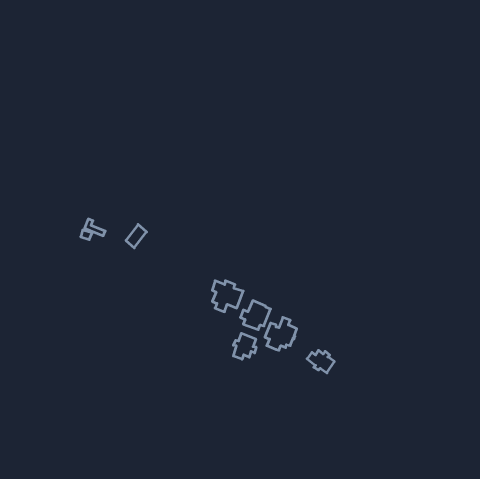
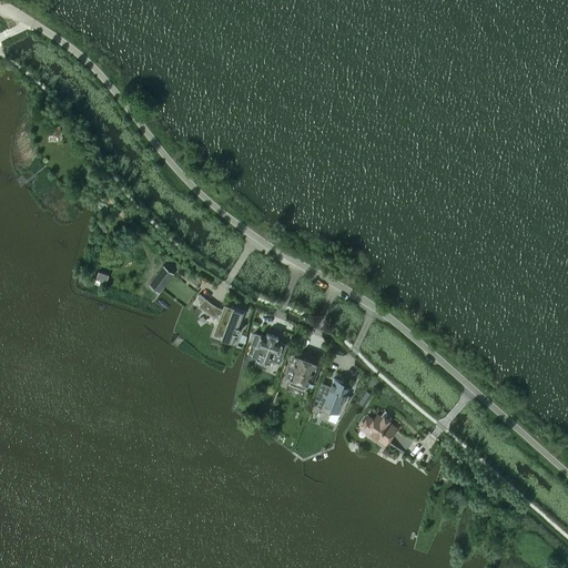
building: none -> [200,298,243,342]
building: [233,333,256,359] -> none

